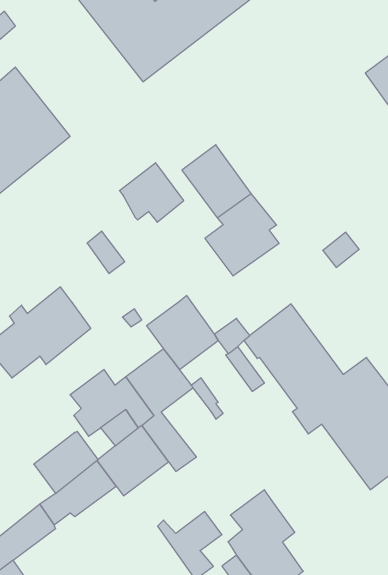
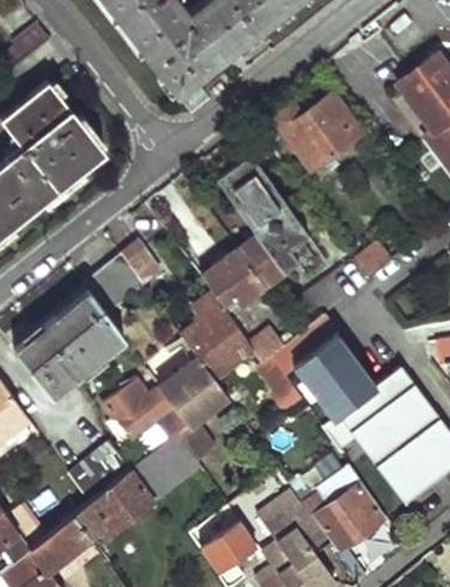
building: none -> [252,92,357,169]
building: [119,163,184,222] -> [202,249,266,309]
building: none -> [83,254,143,313]
building: none -> [288,461,382,552]

